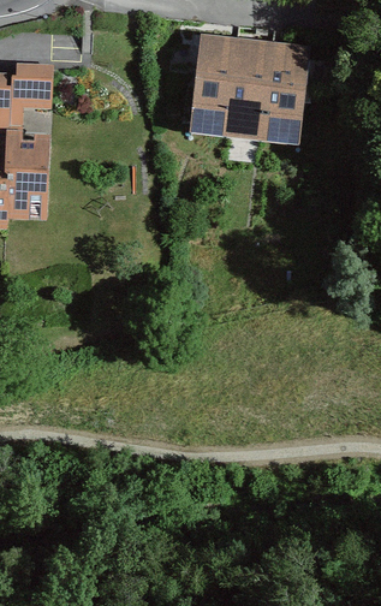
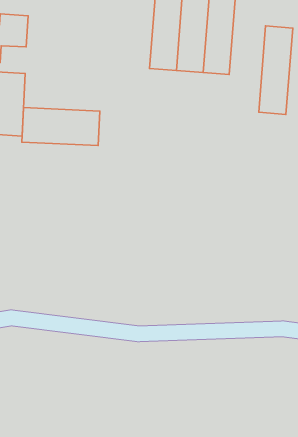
building: none -> [259,26,293,114]
building: none -> [22,108,100,146]

